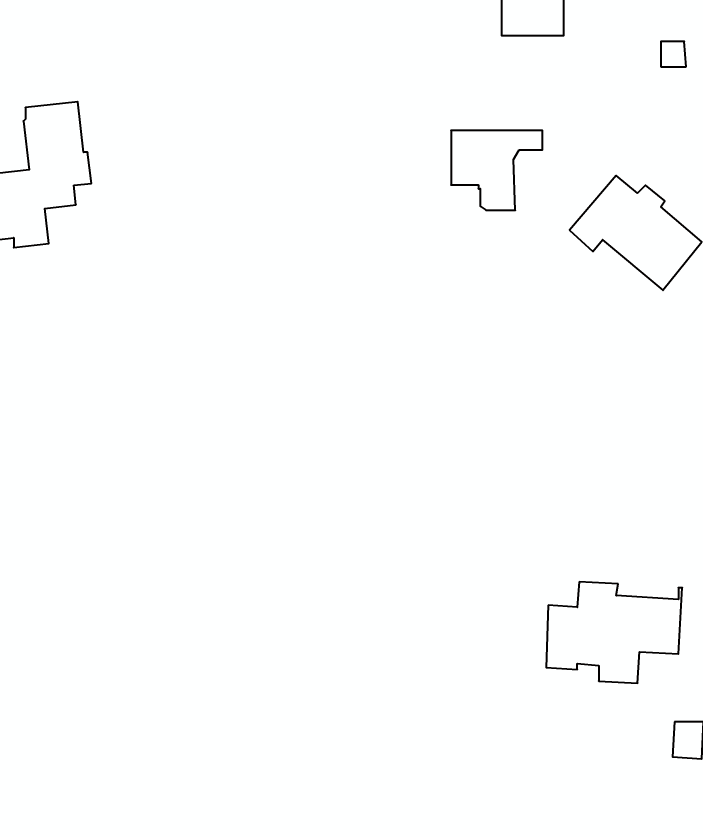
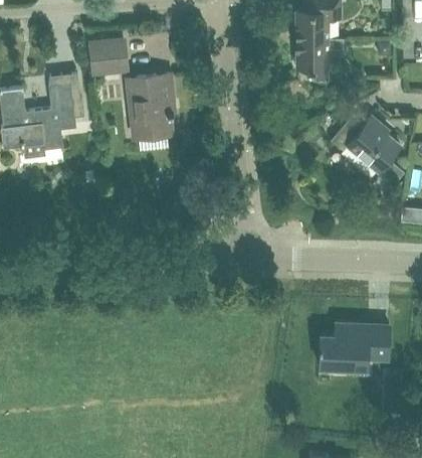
building: none -> [89,41,127,73]
building: none -> [128,73,173,138]
building: [451,130,542,210] -> [295,39,343,81]

